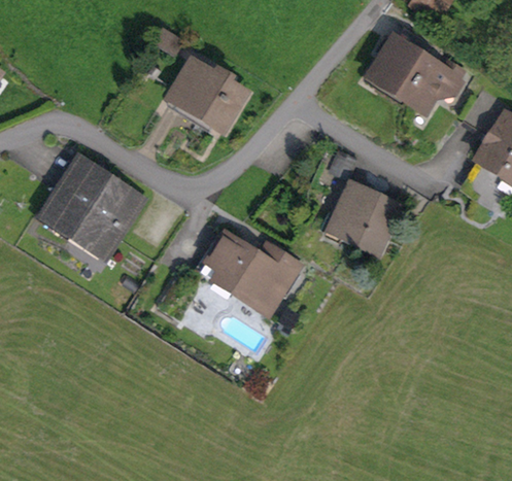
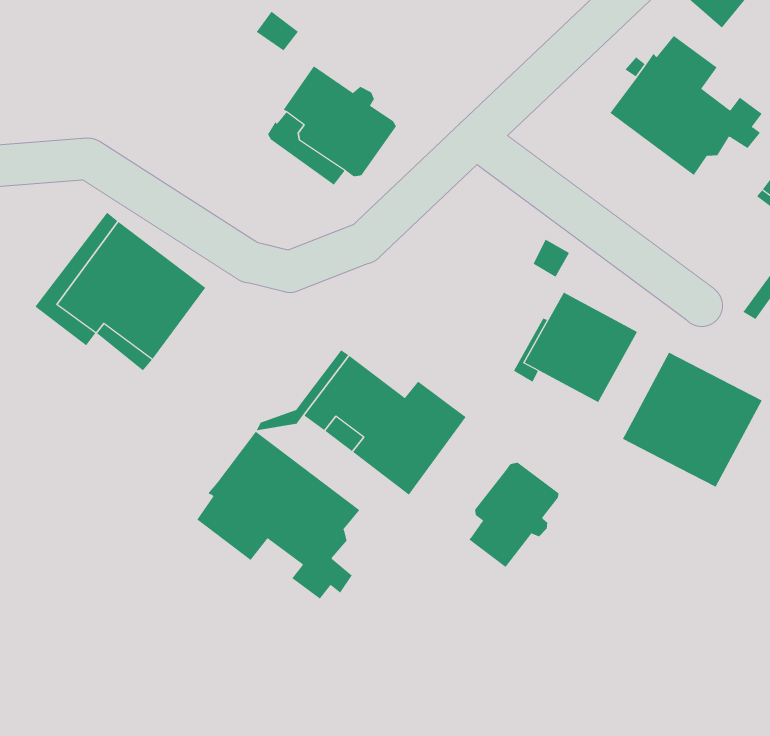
building: none -> [622,352,763,487]
building: none -> [197,431,360,600]
building: none -> [468,462,559,568]

